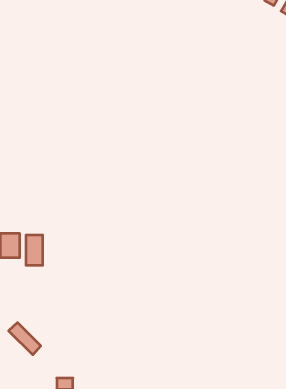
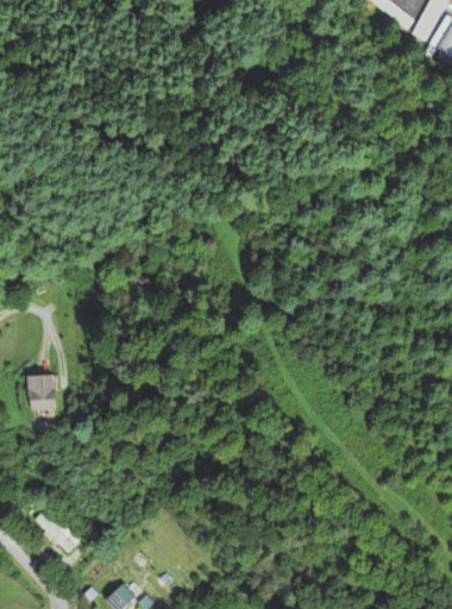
building: [26,235,43,265] -> none

